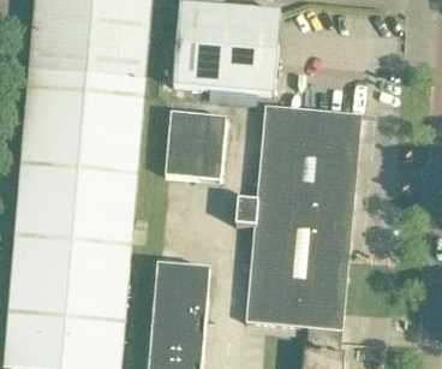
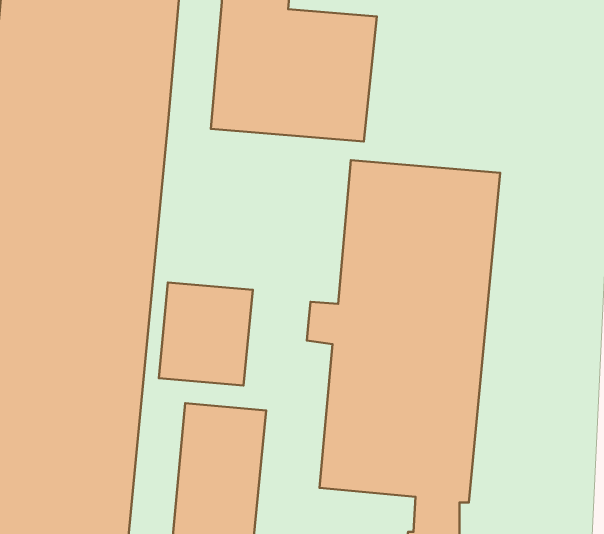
building: [165,114,226,181] -> [159,282,253,386]

